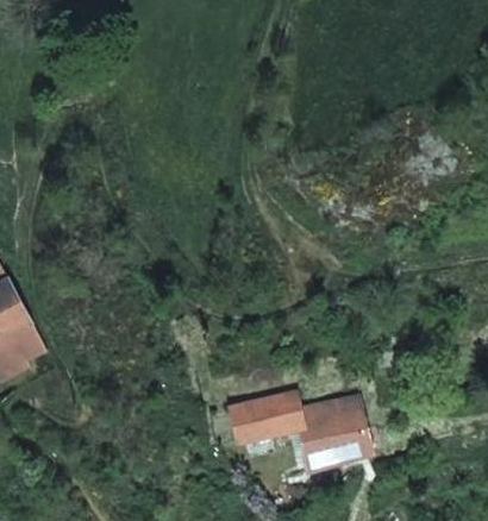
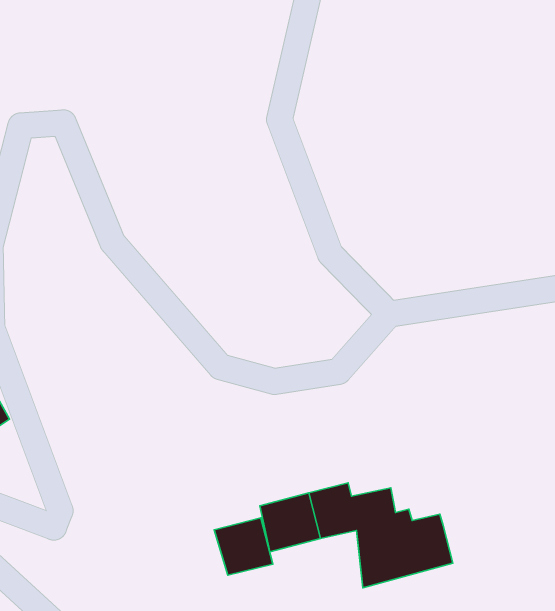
building: none -> [214,518,273,575]

